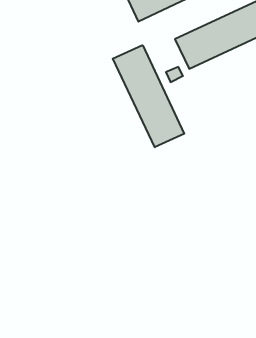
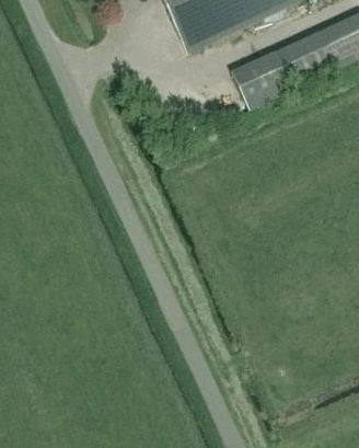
building: [113,45,184,147] -> none

